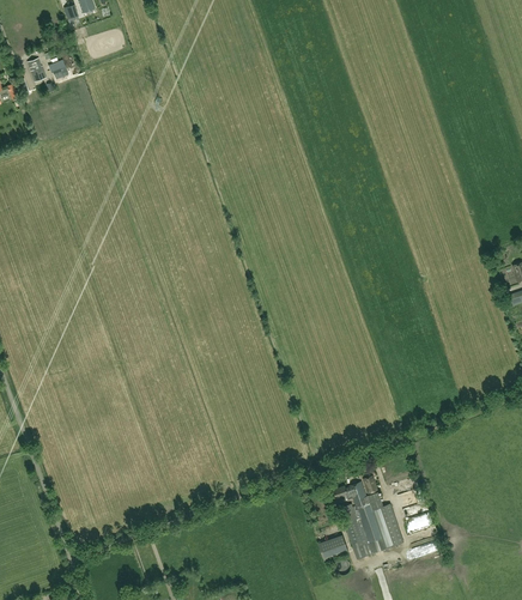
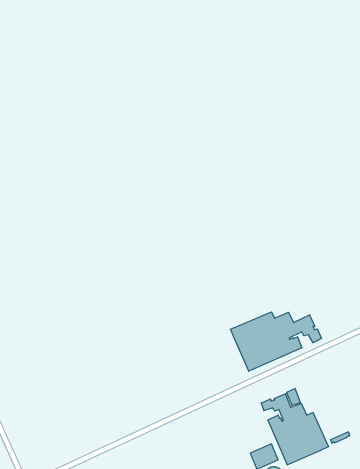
building: none -> [230,312,322,371]

